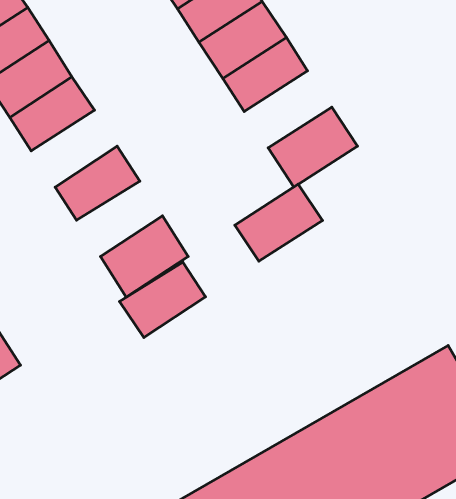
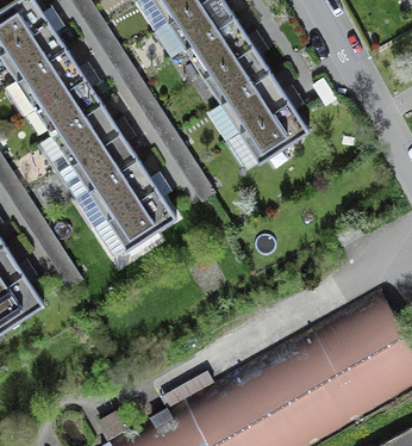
building: none -> [52,105,120,166]
building: [235,184,322,261] -> [220,74,289,135]
building: [120,262,206,338] -> [88,161,156,221]

